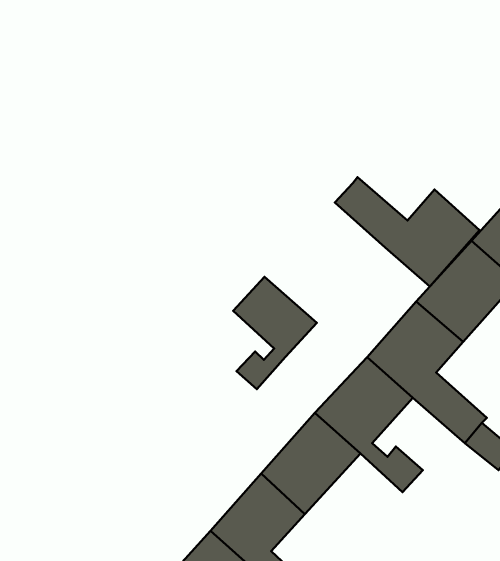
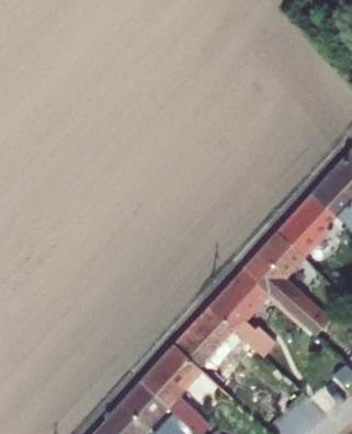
building: [335,177,479,286] -> none
building: [233,277,317,389] -> none

